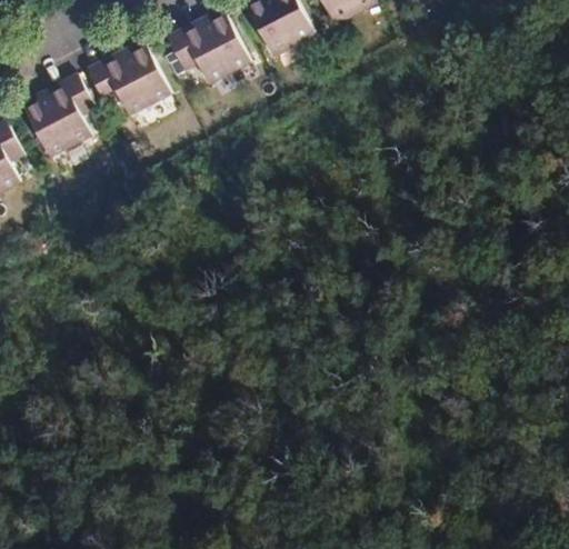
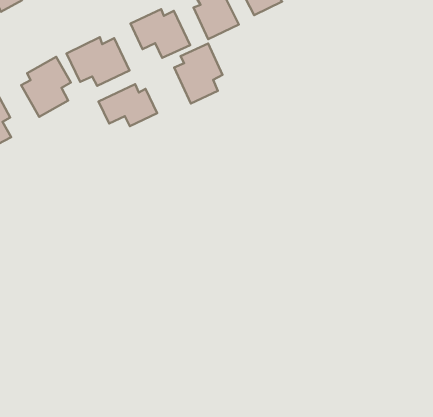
building: none -> [174,44,223,103]
building: none -> [98,84,157,126]

